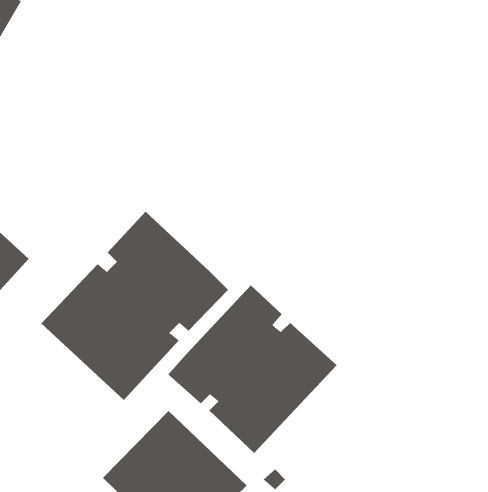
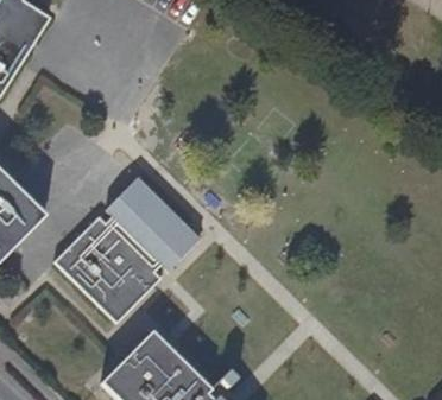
building: [167,284,337,454] -> none

